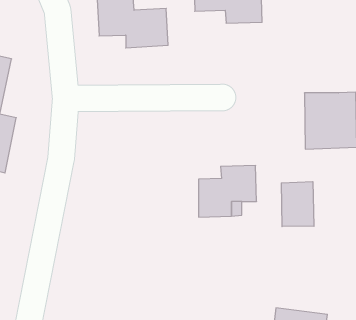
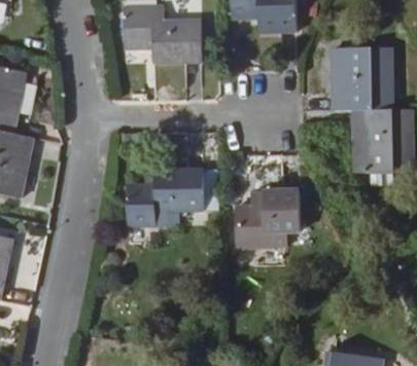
building: none -> [335,46,392,112]
building: none -> [128,168,204,229]
building: [281,182,314,227] -> none

